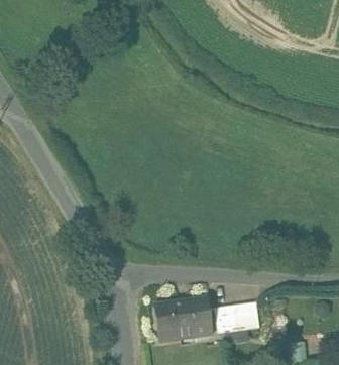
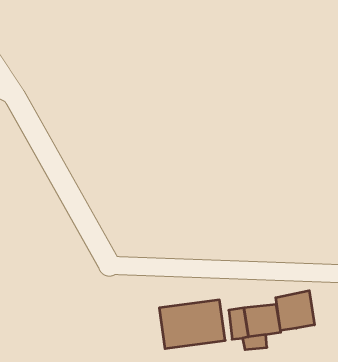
building: none -> [276,291,314,331]

